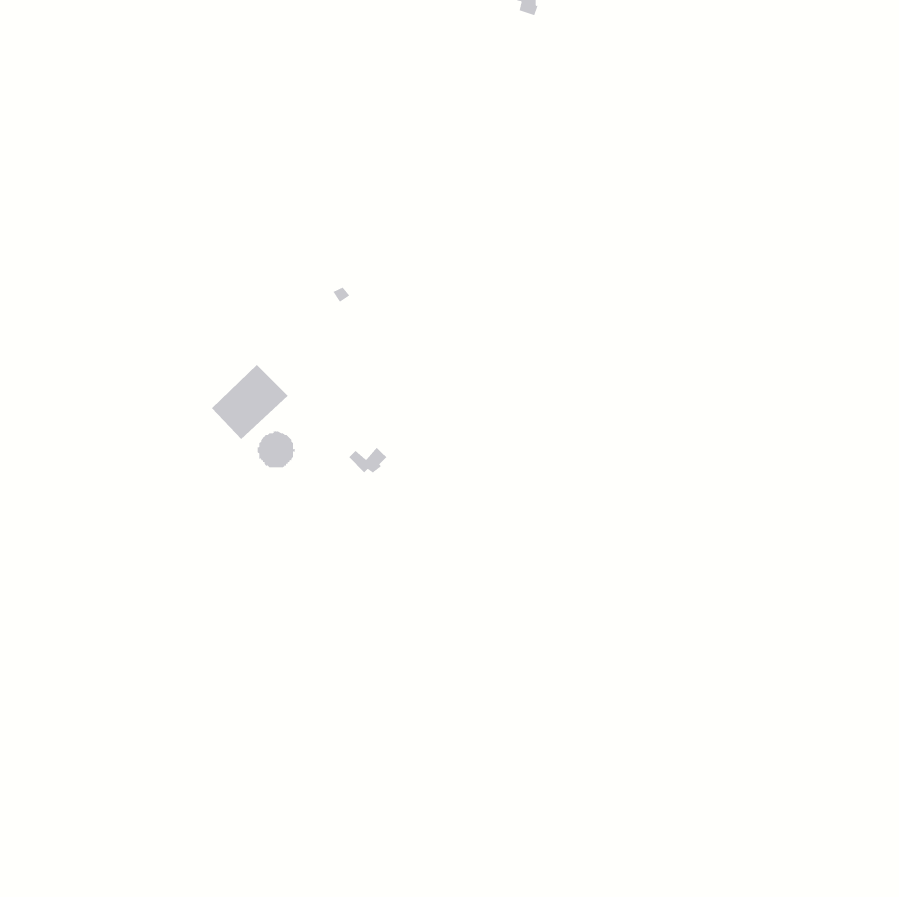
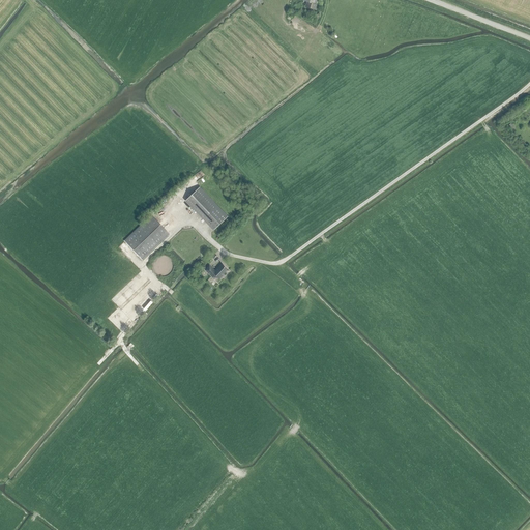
building: none -> [184,185,228,230]

